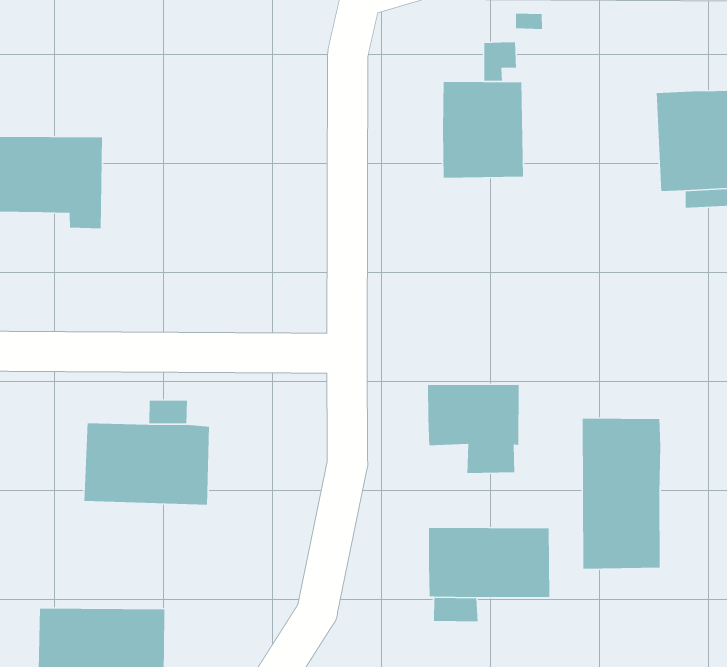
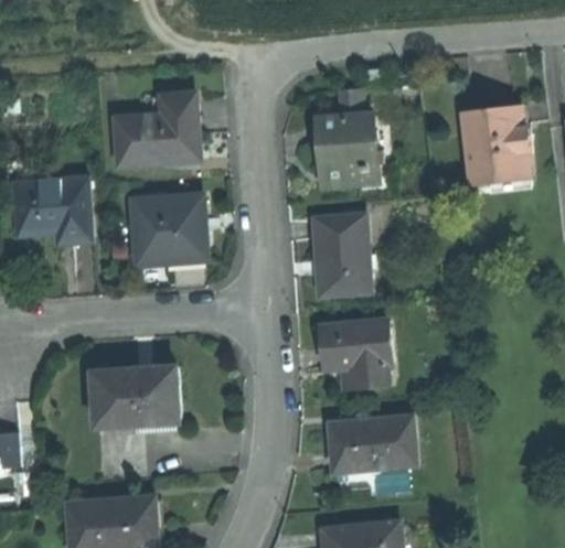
building: none -> [116,94,199,165]
building: none -> [132,195,206,262]
building: none -> [312,215,370,296]
building: [582,418,661,570] -> none

